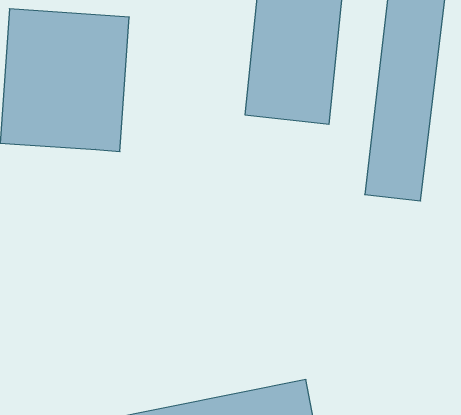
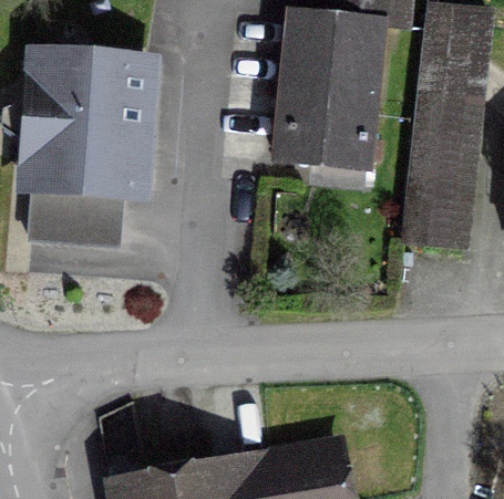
building: none -> [31,191,119,243]

